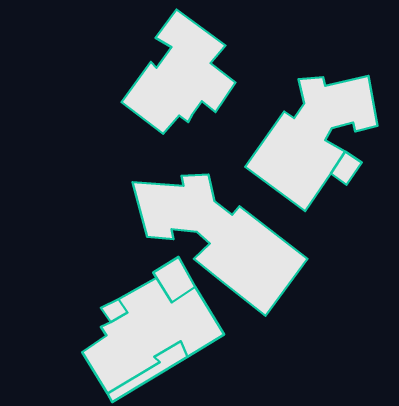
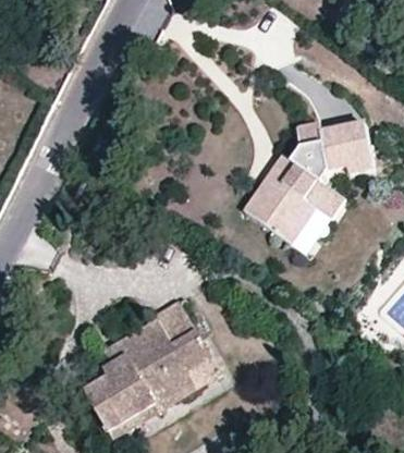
building: [121,10,235,134] -> none
building: [132,174,308,316] -> none

